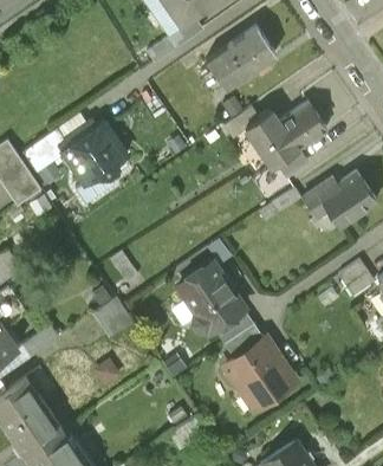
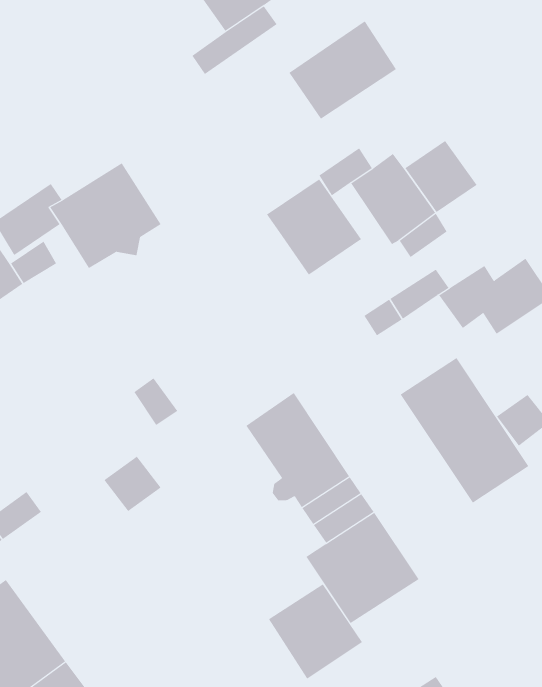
building: none -> [266,178,362,275]
building: none -> [400,357,529,503]
building: none -> [268,583,363,680]

